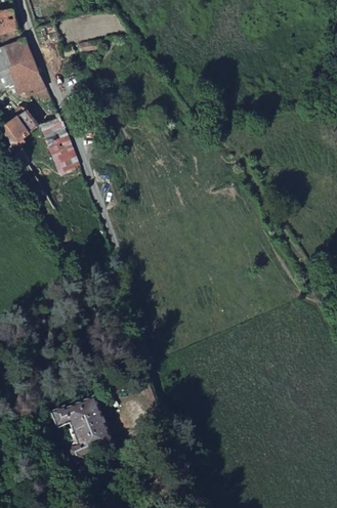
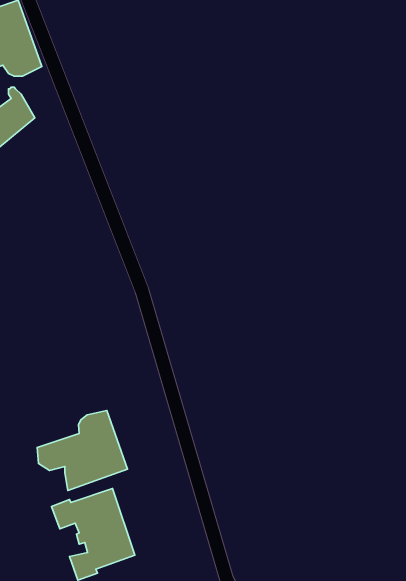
building: [40,115,79,172] -> none
building: none -> [37,410,127,490]

